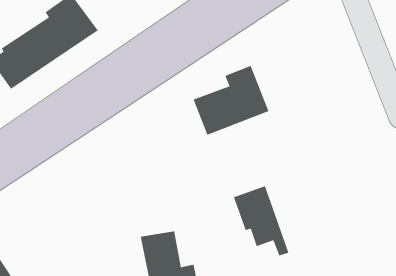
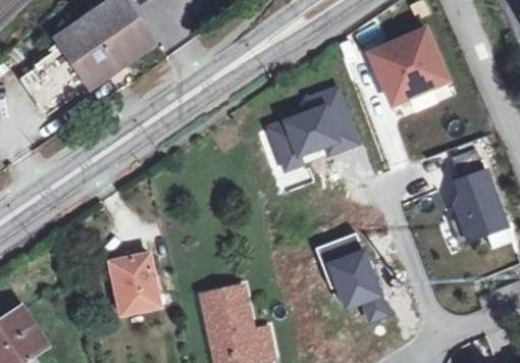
building: none -> [366,27,443,99]
building: none -> [453,166,504,237]
building: none -> [111,254,161,315]

